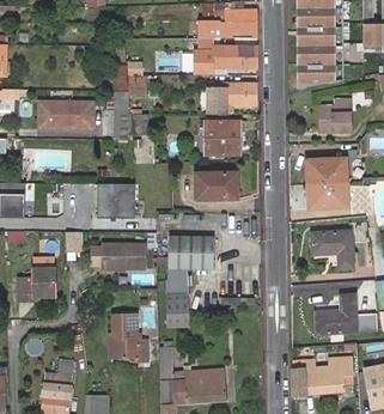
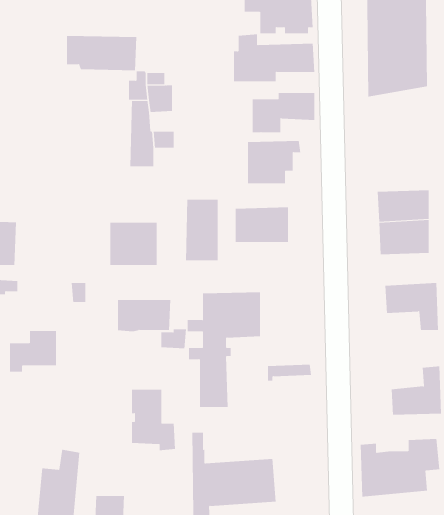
building: [37,102,92,129] -> [66,35,137,71]
building: [318,104,351,130] -> none
building: none -> [185,199,218,261]

